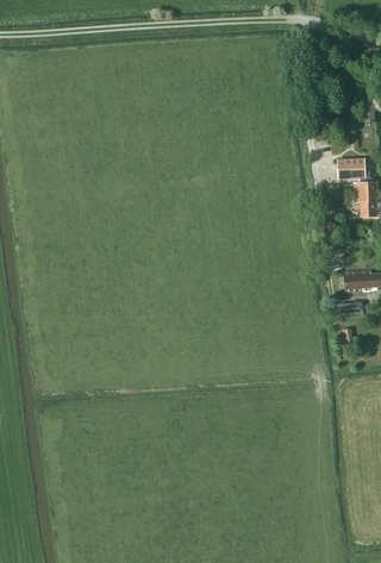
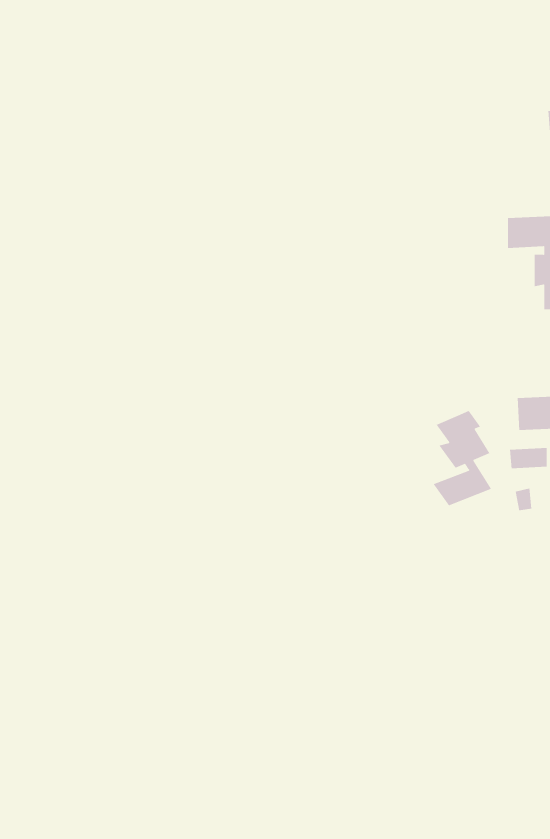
building: none -> [433,410,492,506]

